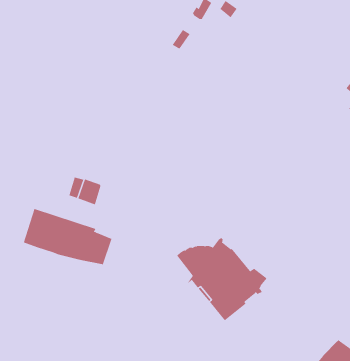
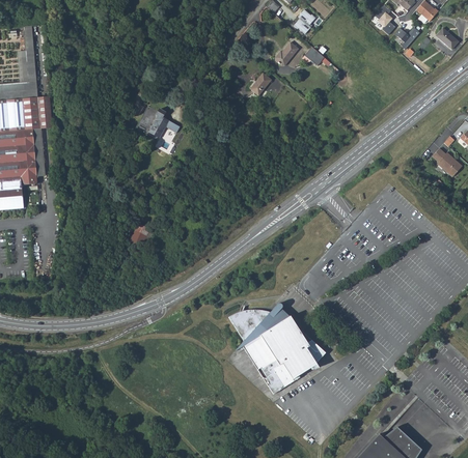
building: none -> [137,106,181,137]
building: [23,208,112,265] -> none

